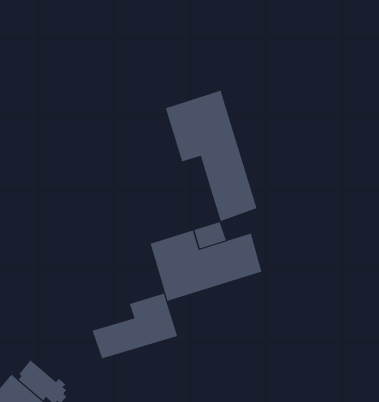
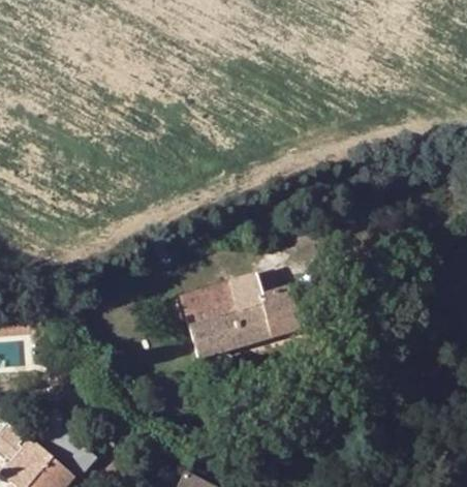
building: [165,90,257,222] -> none
building: [92,293,178,359] -> none

